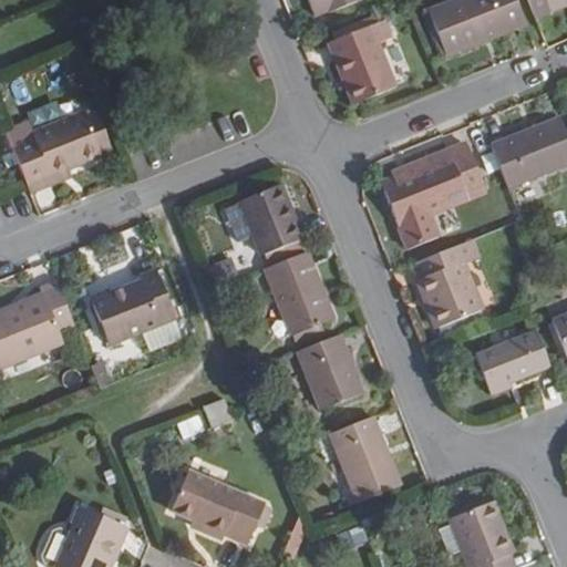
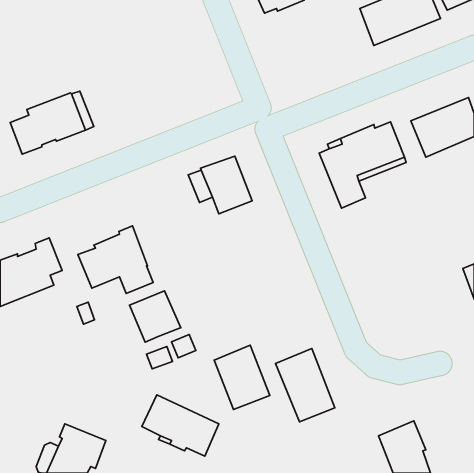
building: [331,19,398,105] -> none
building: [419,245,483,326] -> none
building: [265,251,334,337] -> none
building: [476,330,550,393] -> none
building: [297,333,363,410] -> [214,345,270,409]
building: none -> [130,291,181,342]

